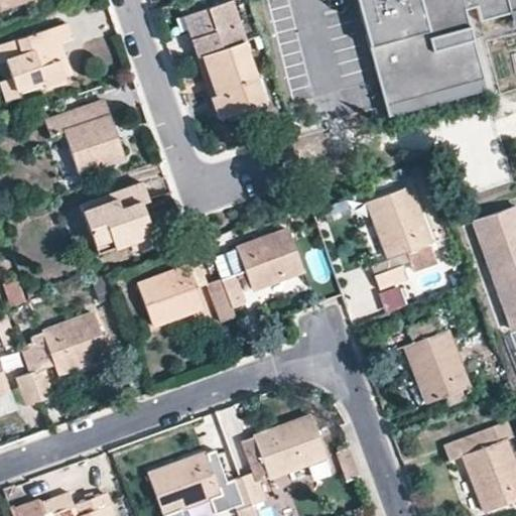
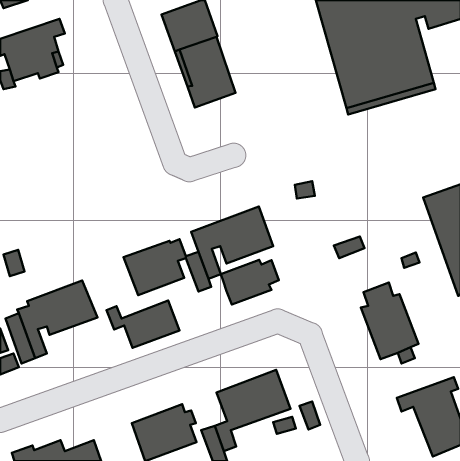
building: [44,100,124,173] -> none
building: [80,182,155,250] -> none
building: [367,185,436,270] -> none
building: none -> [221,260,279,305]
building: none -> [107,300,180,348]

